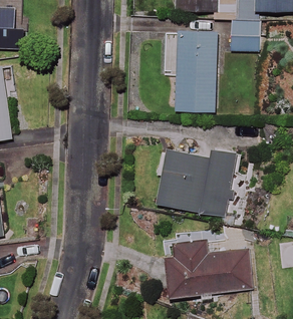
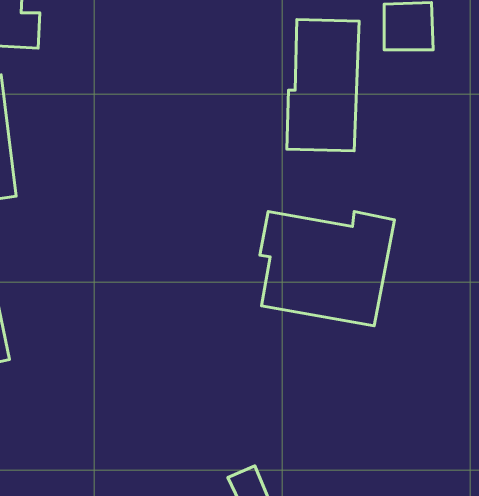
building: [167,239,249,299] -> none

